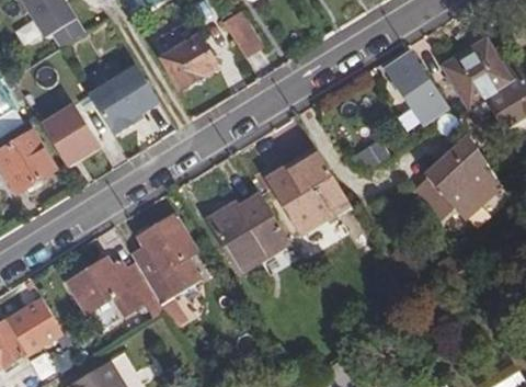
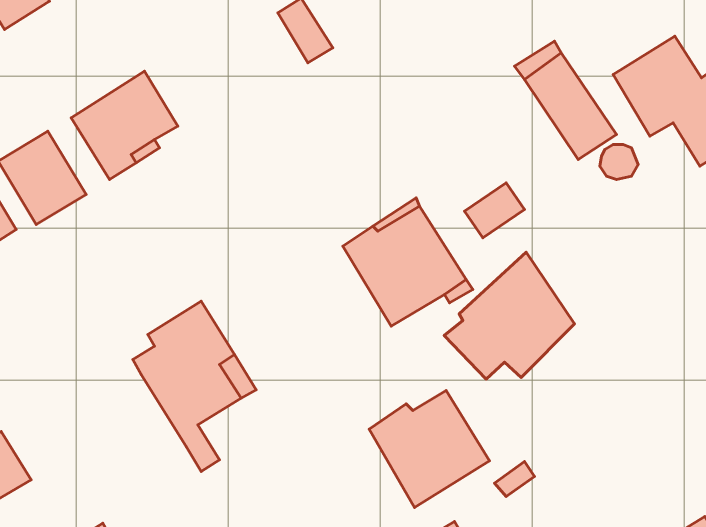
building: [161,34,216,88] -> none
building: [414,136,500,219] -> [444,252,574,379]
building: [210,194,289,271] -> [369,391,489,507]
building: [68,253,164,317] -> none

